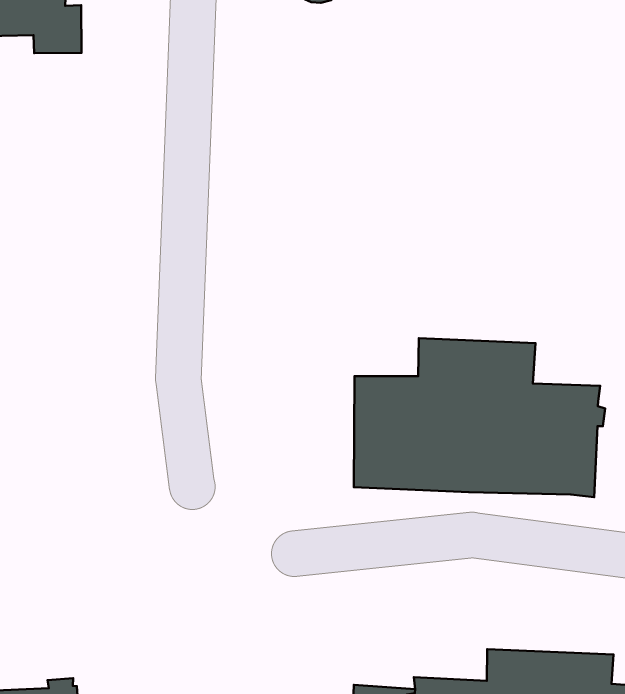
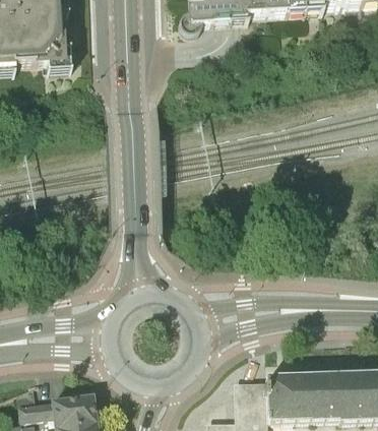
building: [354,338,605,497] -> none

